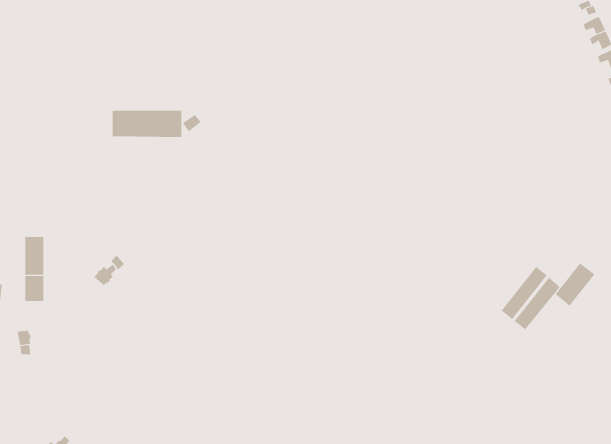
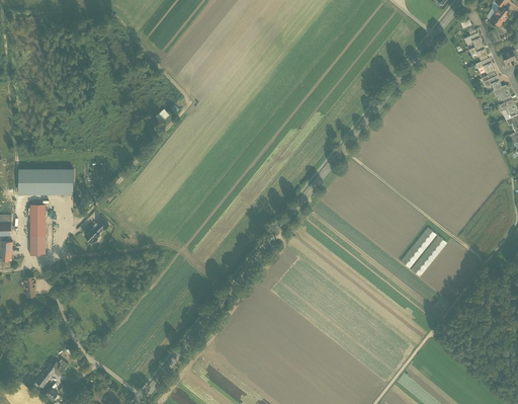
building: [112,110,182,138] -> [18,169,73,190]
building: [555,262,595,306] -> none

